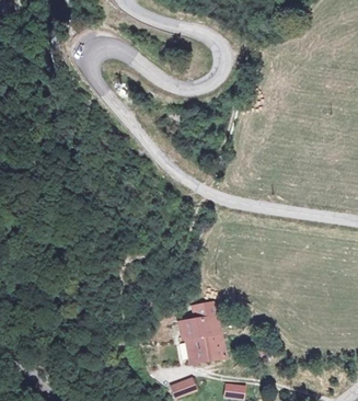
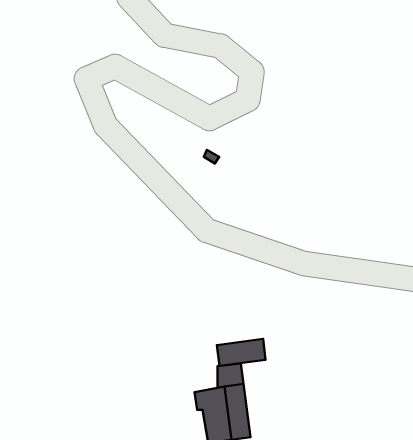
building: none -> [217,339,266,366]

